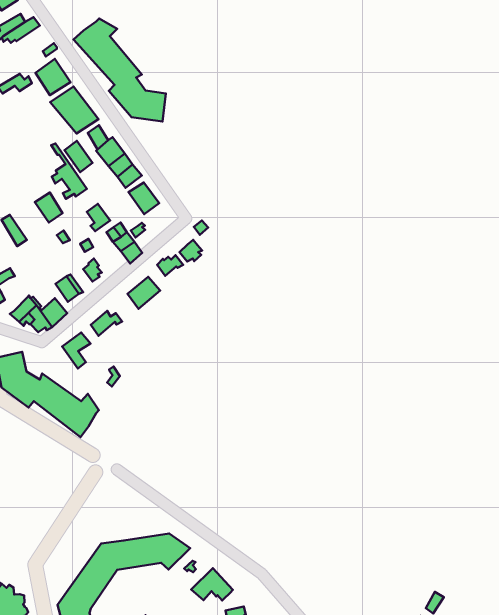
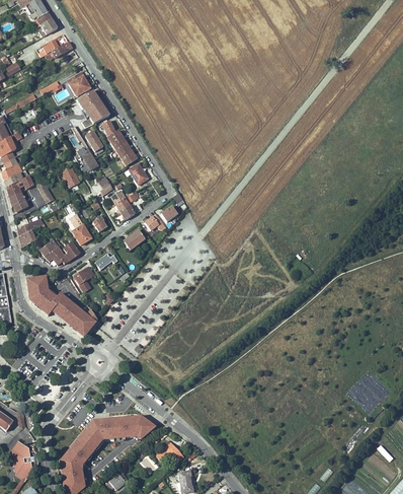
building: [73,19,166,121] -> none

